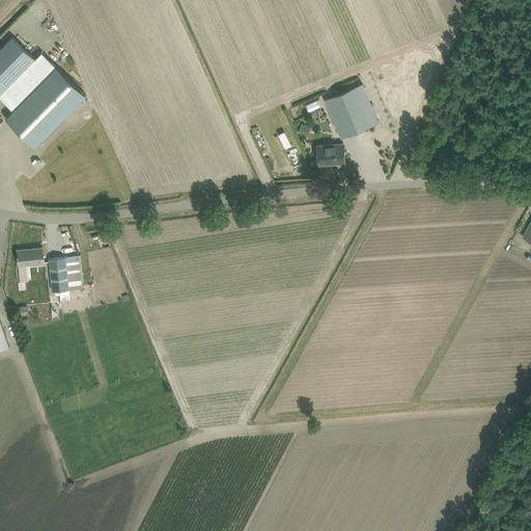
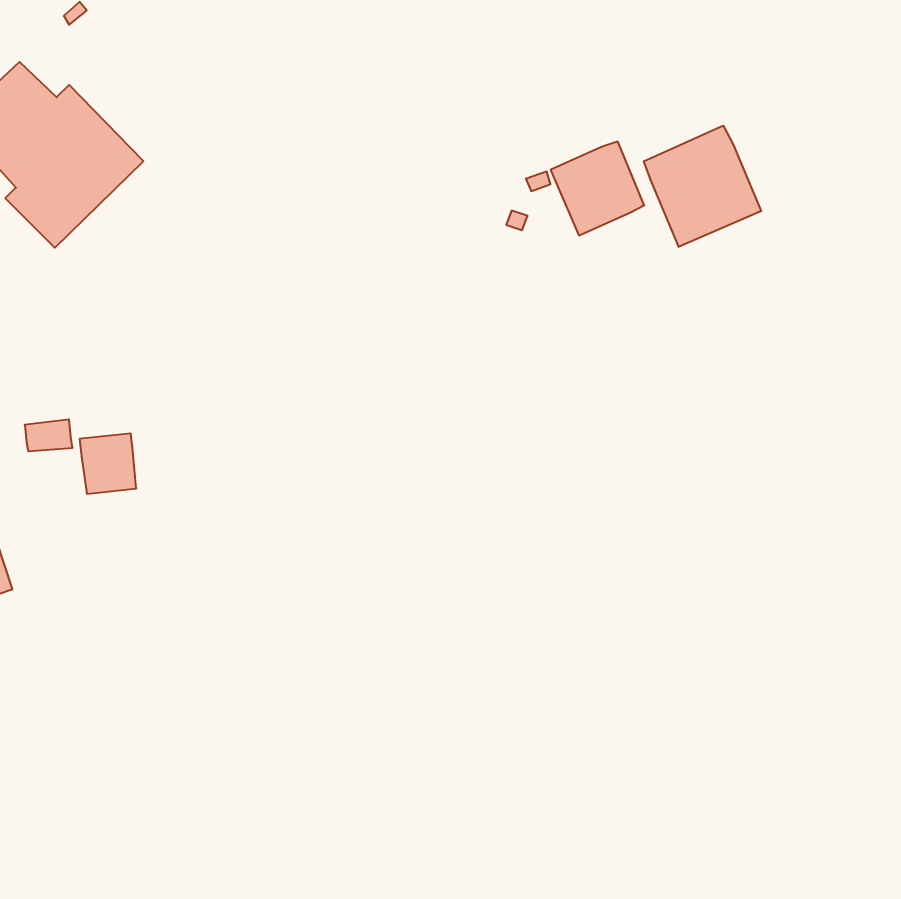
building: none -> [644,126,761,247]
building: [315,145,343,166] -> none

